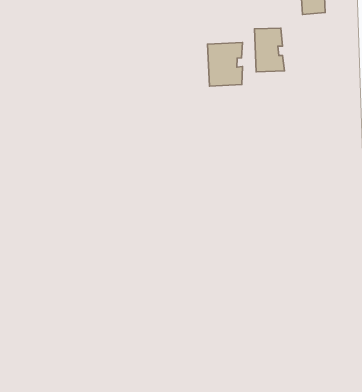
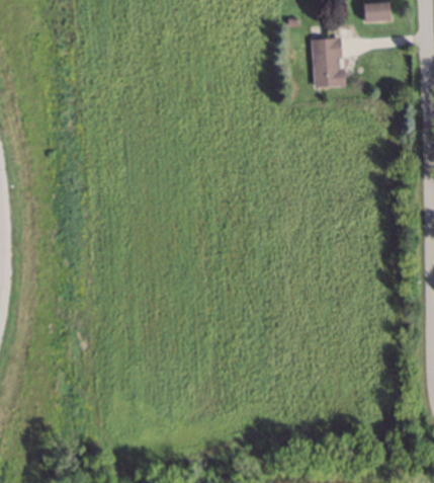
building: [208,43,243,86] -> none

